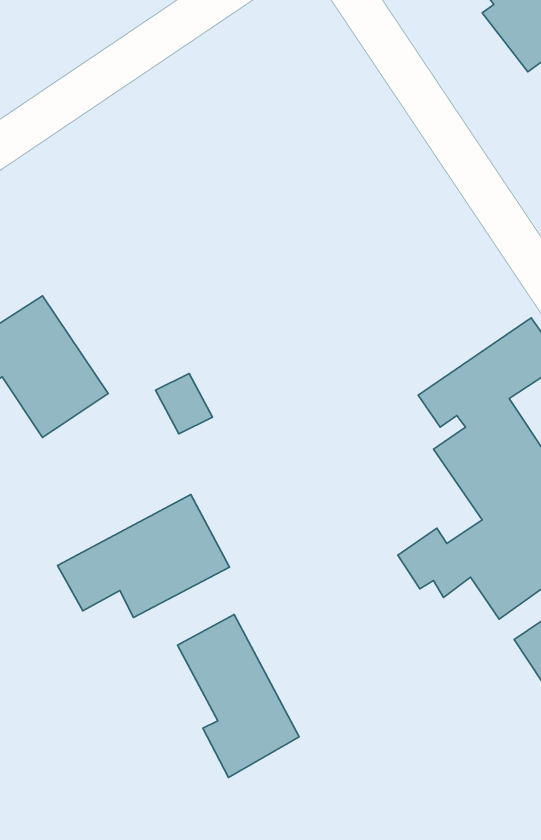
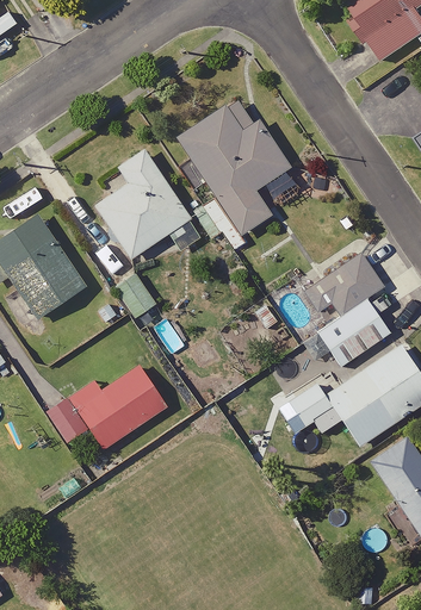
building: none -> [178,98,289,250]
building: none -> [95,149,192,261]
building: [177,615,299,777] -> none

